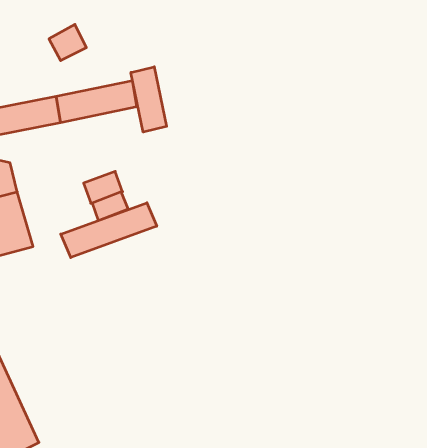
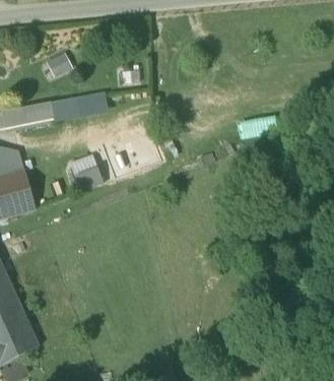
building: [131,67,167,132] -> none
building: [61,203,157,258] -> none

